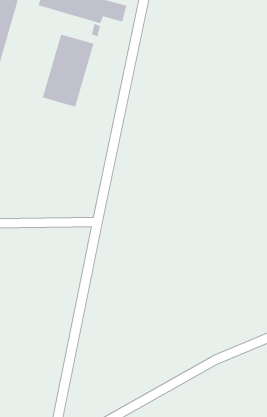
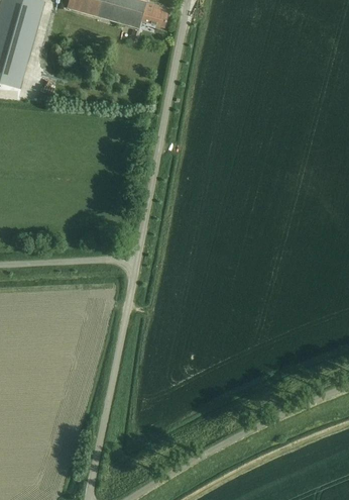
building: [42,34,94,107] -> none

